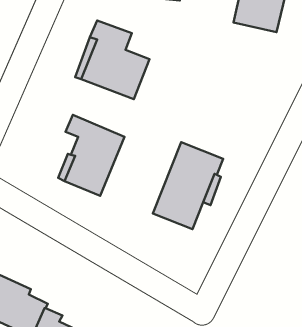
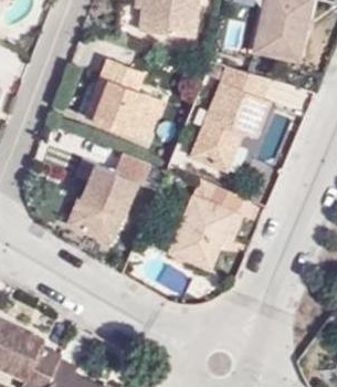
building: none -> [186,70,268,176]

